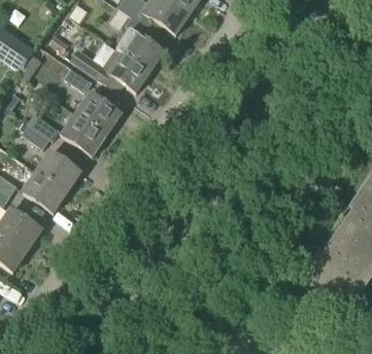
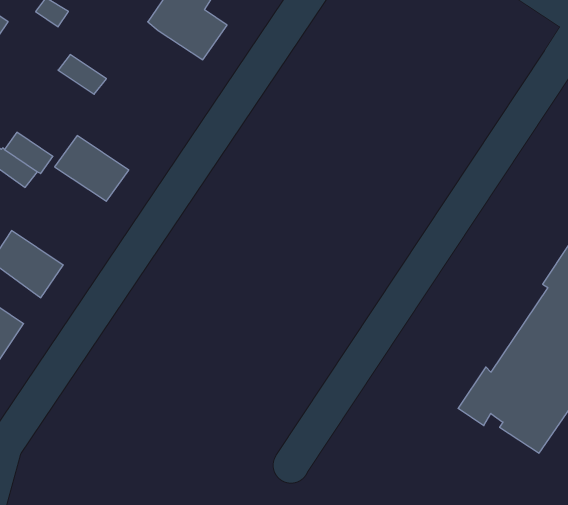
building: [71,49,149,93] -> none
building: [74,94,121,138] -> none
building: [35,152,80,194] -> none

